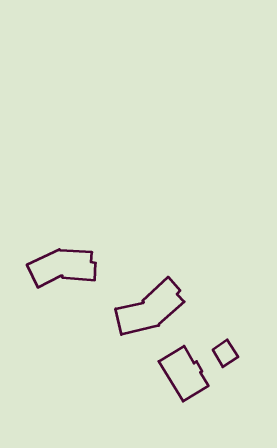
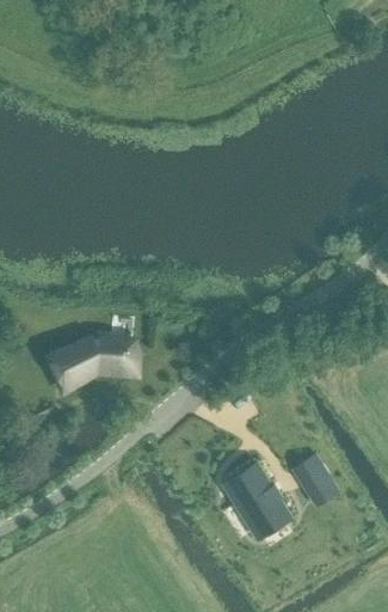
building: [116,277,184,335] -> none

